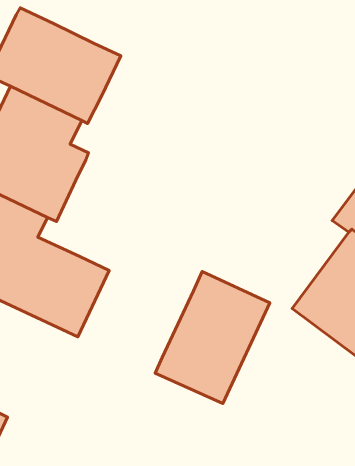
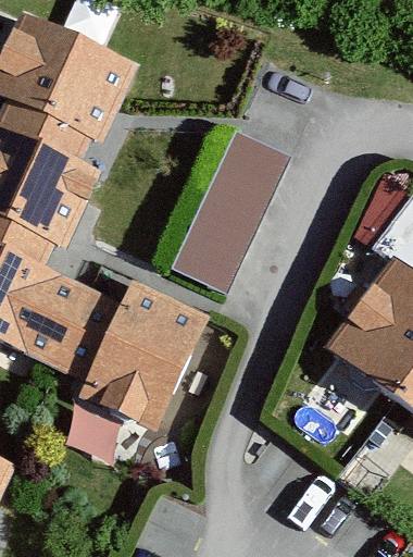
building: none -> [171,134,290,295]
building: [155,271,270,404] -> [79,282,206,429]

